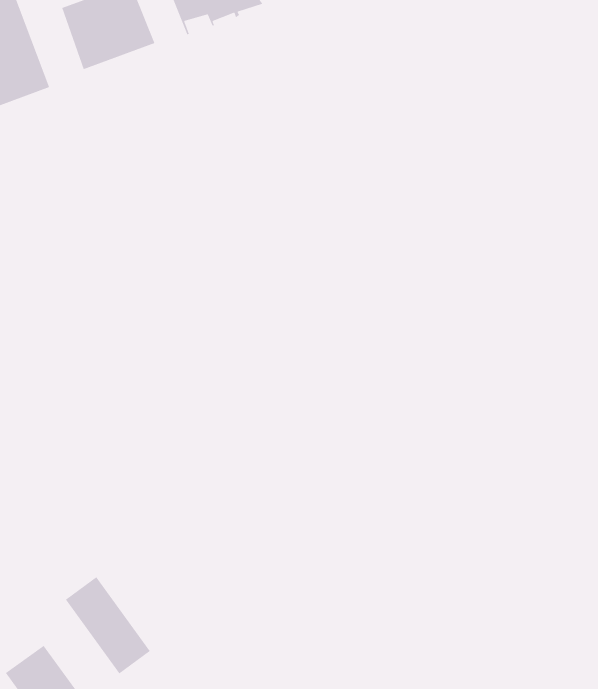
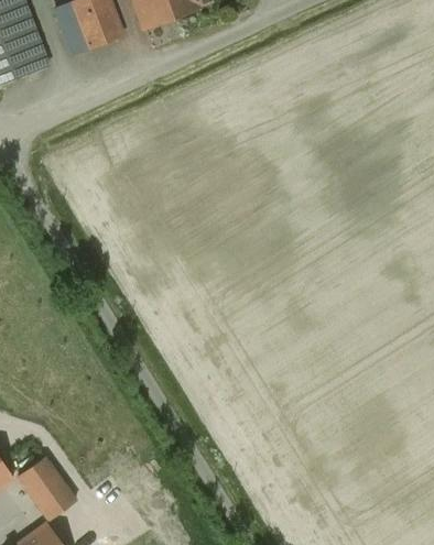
building: [65,576,151,674] -> none

